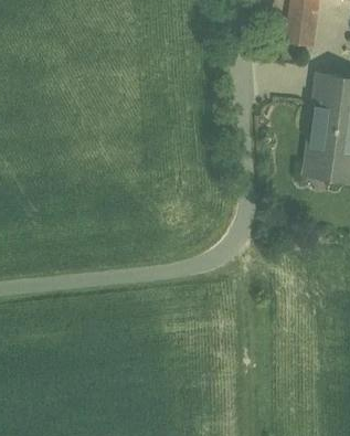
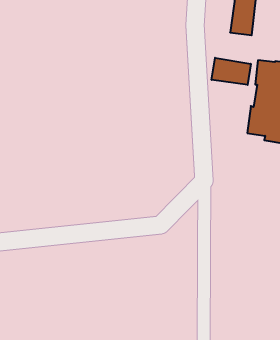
building: none -> [212,58,251,85]

